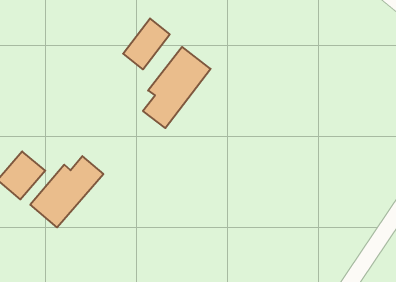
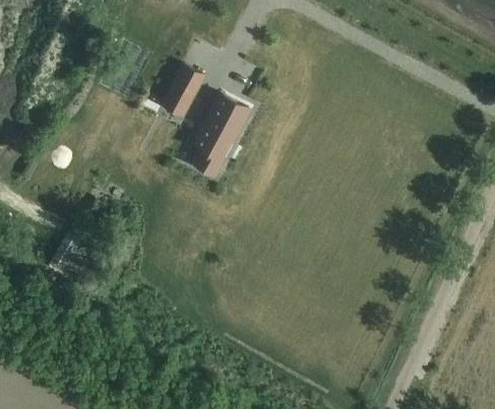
building: [30,156,103,227] -> none

